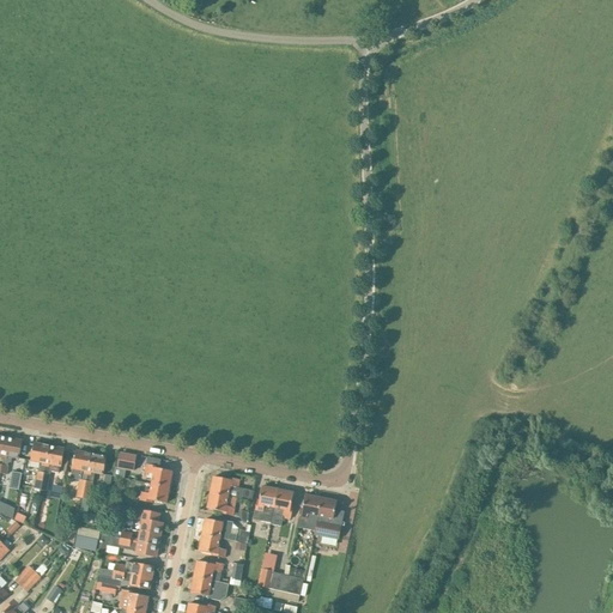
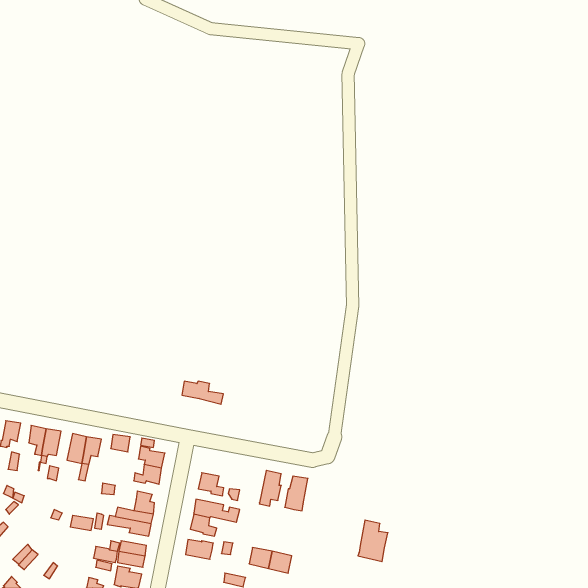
building: [210,477,253,500] -> [182,381,223,404]
building: [251,486,277,522] -> none
building: [312,497,344,540] -> [358,520,388,562]
building: [189,576,224,599] -> none

